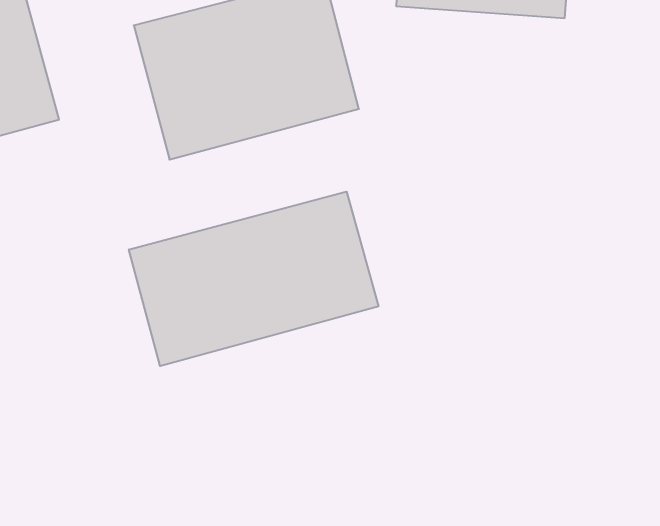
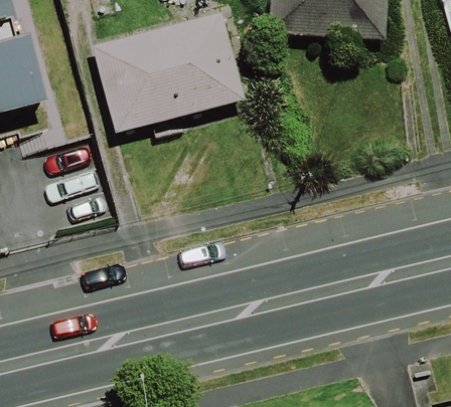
building: [129,192,378,366] -> none

